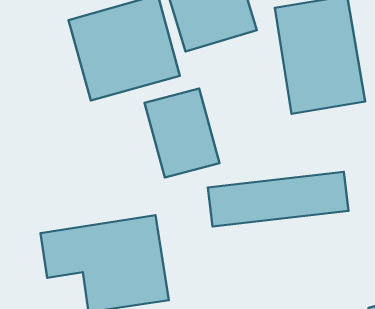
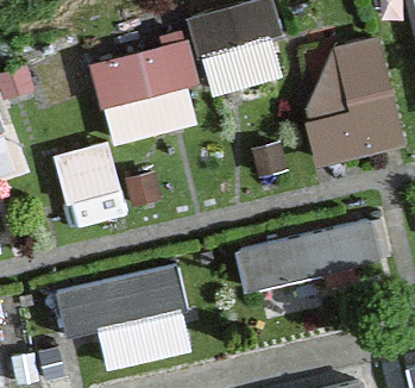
building: [145,88,219,178] -> [50,140,130,236]

